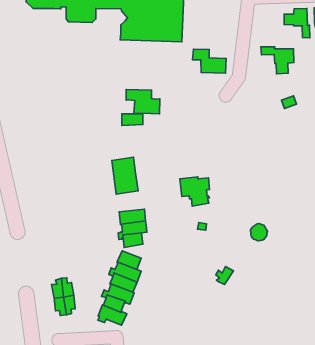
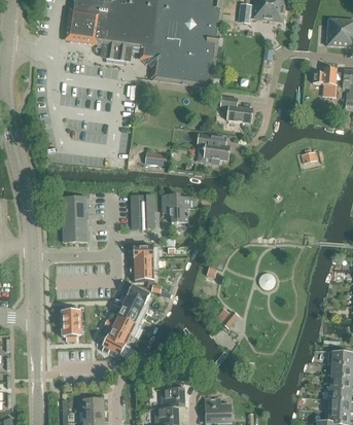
building: [261,47,294,74] -> none
building: [126,90,160,114] -> [198,133,231,160]
building: none -> [62,196,87,242]
building: [180,177,210,206] -> [163,194,190,222]

